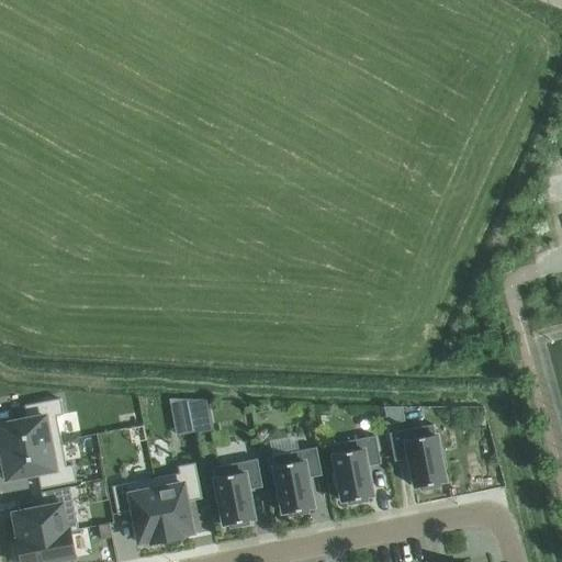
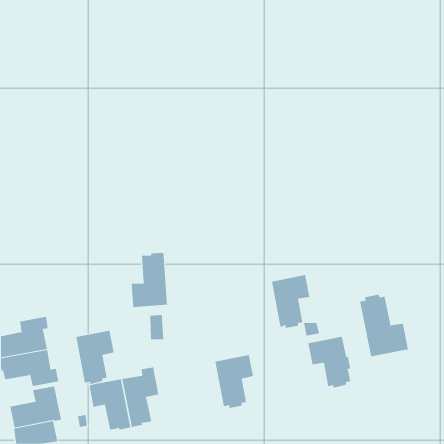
building: none -> [131,252,168,308]
building: none -> [360,294,408,357]
building: [330,436,380,504] -> [271,275,310,328]
building: [212,459,261,528] -> [75,330,115,385]

